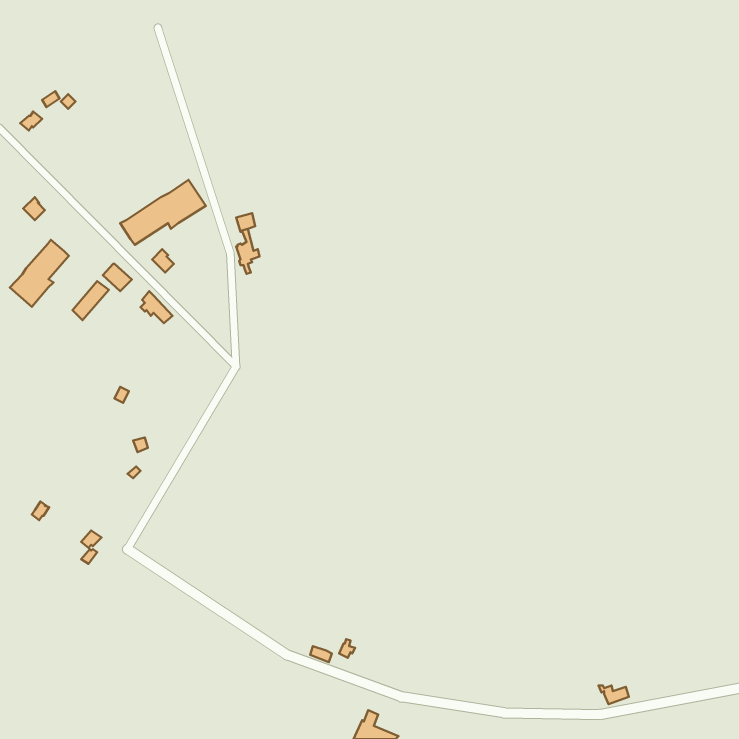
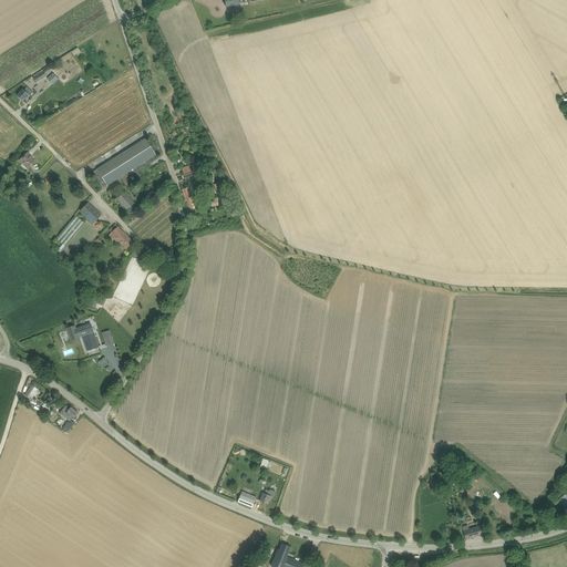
building: [10,240,69,307] -> none
building: none -> [65,322,97,350]

